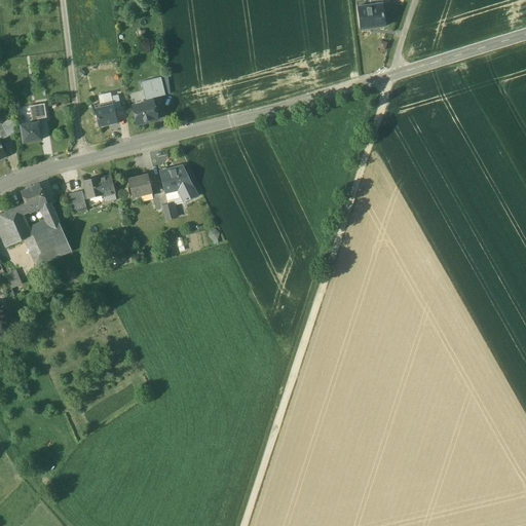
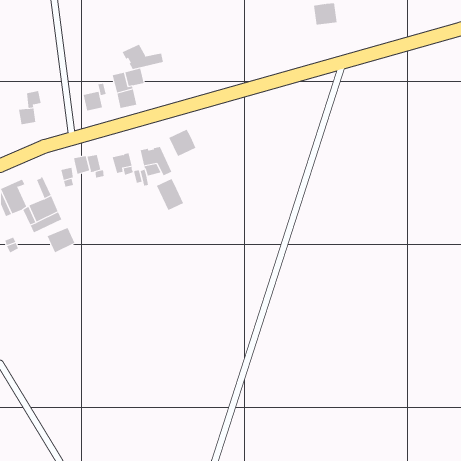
building: none -> [122,44,164,70]
building: none -> [168,129,196,157]
building: [21,183,46,210] -> none
building: none -> [156,178,184,211]
building: none -> [47,227,75,253]

